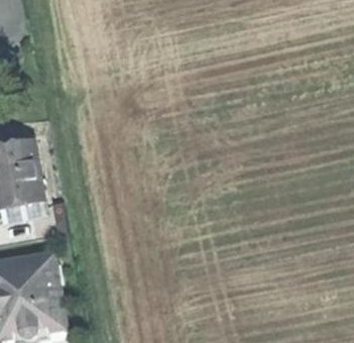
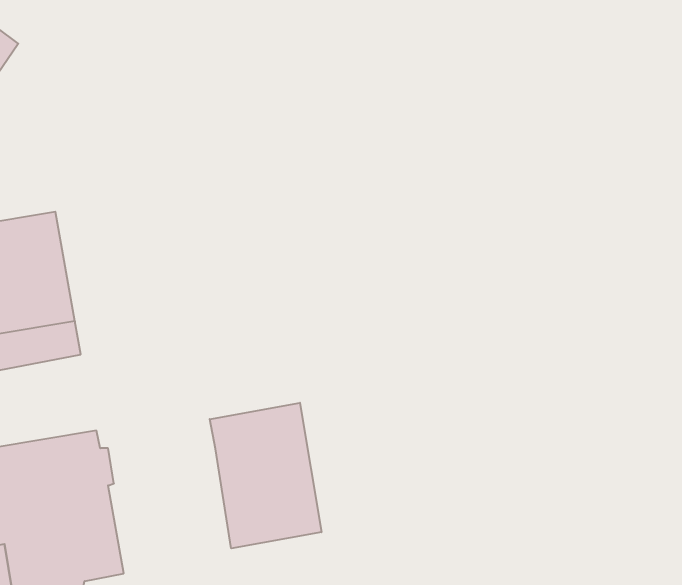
building: none -> [210,403,321,548]

